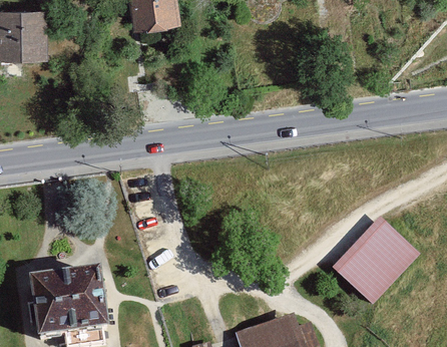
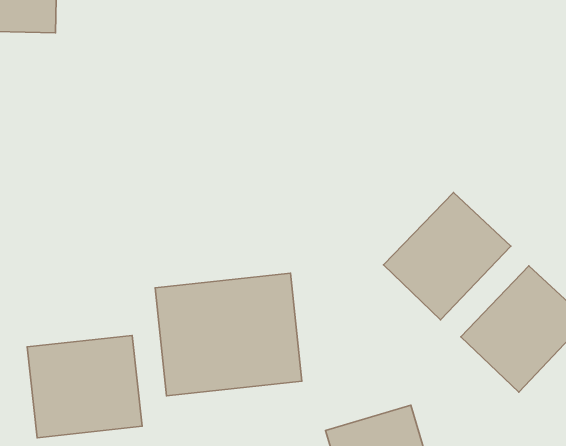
building: none -> [383,193,511,320]
building: none -> [155,273,302,396]

